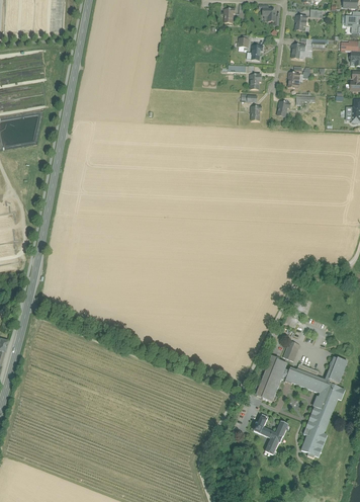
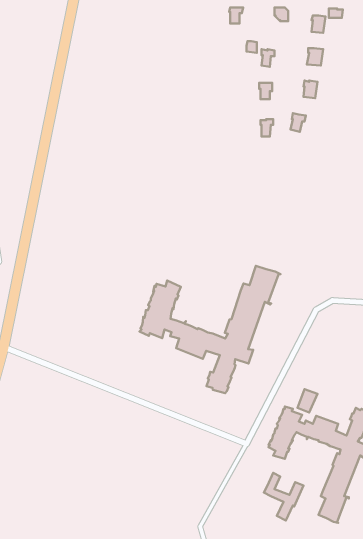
building: none -> [140,266,281,393]

